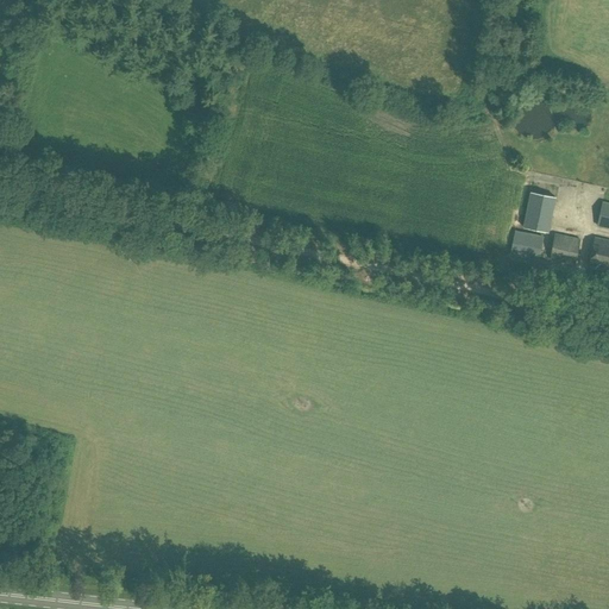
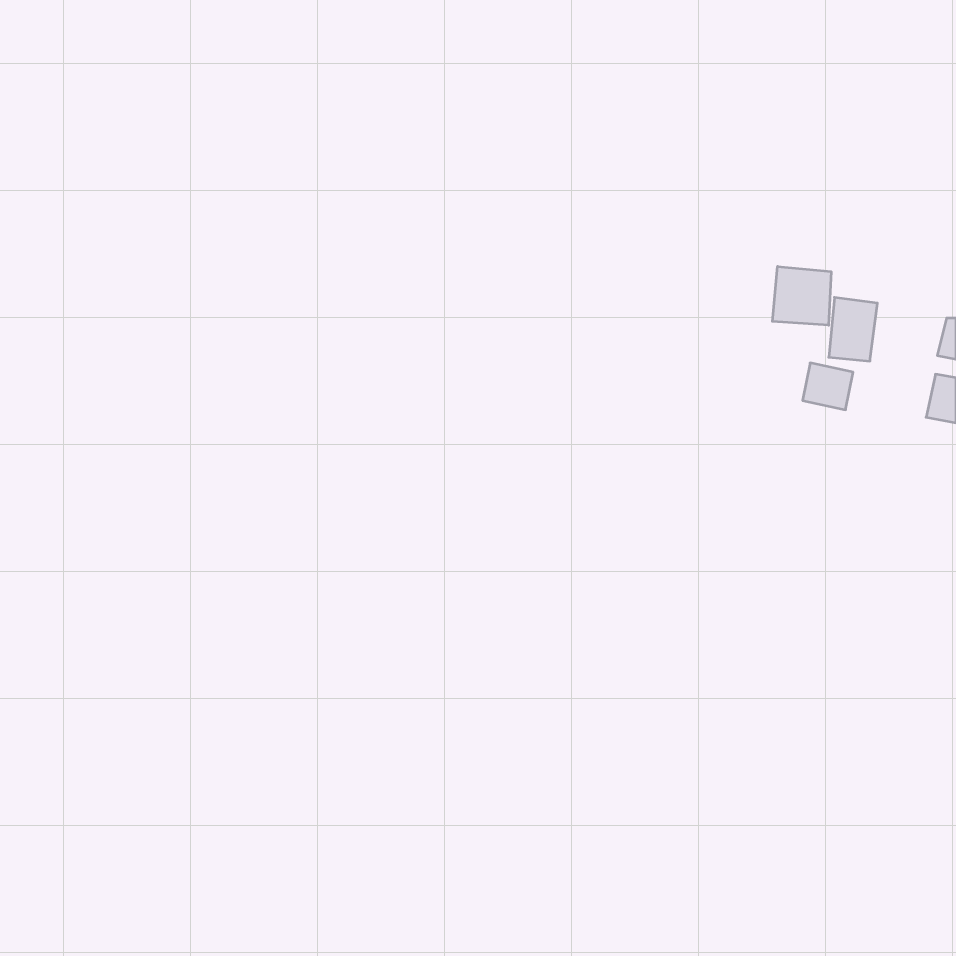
building: none -> [772,266,831,325]
building: [551,234,580,264] -> none

